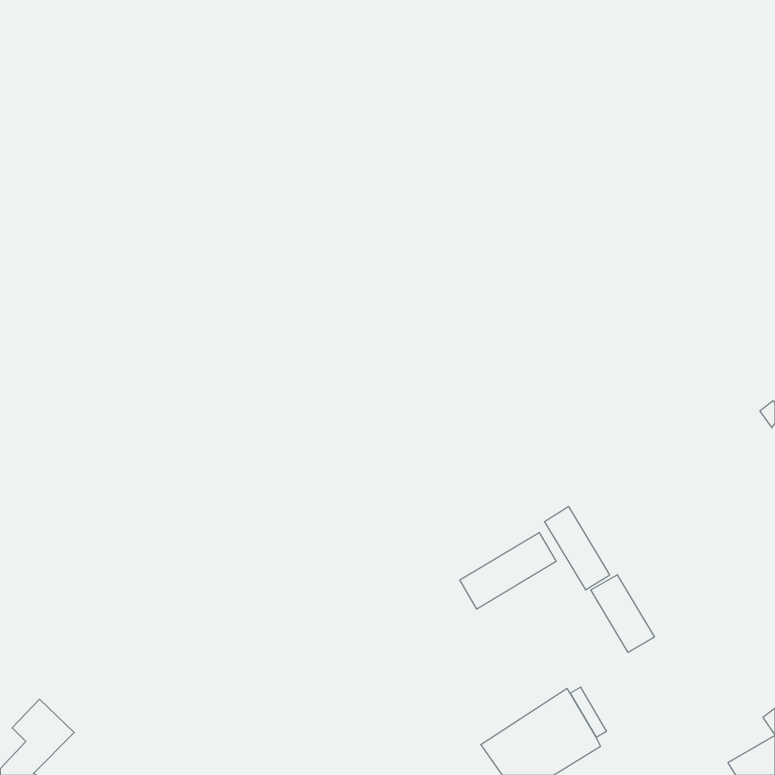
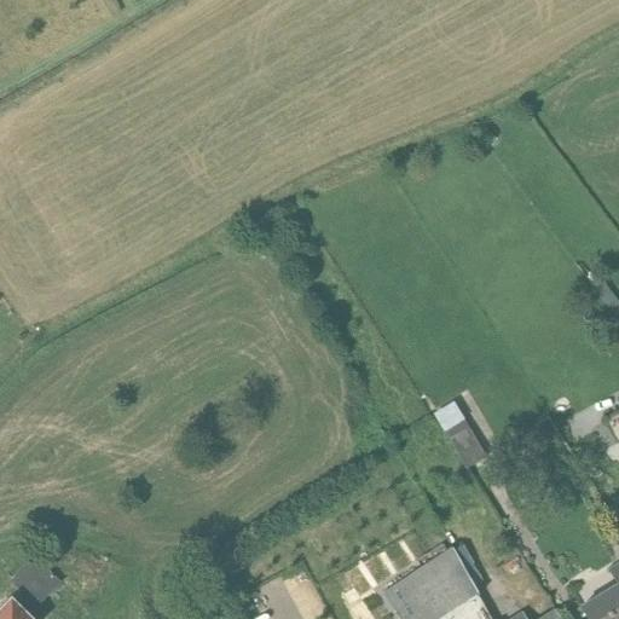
building: [460,532,556,609] -> none
building: [591,575,654,652] -> none

